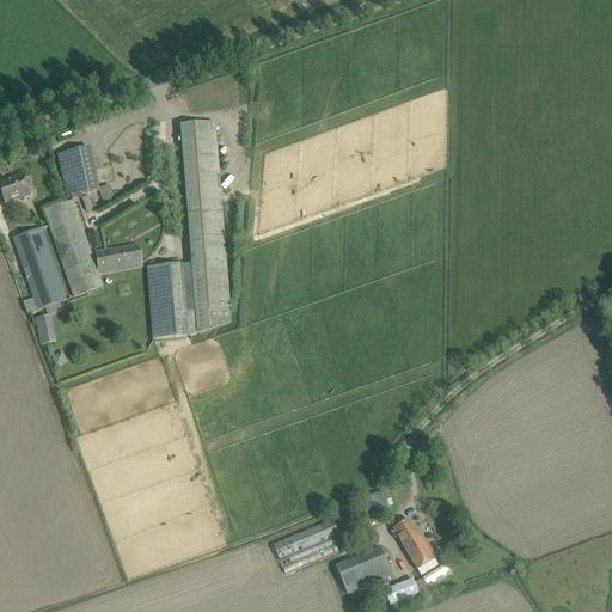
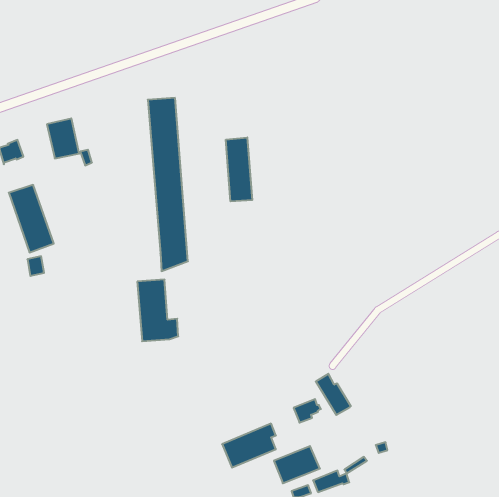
building: none -> [226,137,252,201]
building: [43,197,140,294] -> none
building: [147,262,197,337] -> [137,280,178,341]
building: [392,516,435,567] -> [316,374,351,415]

